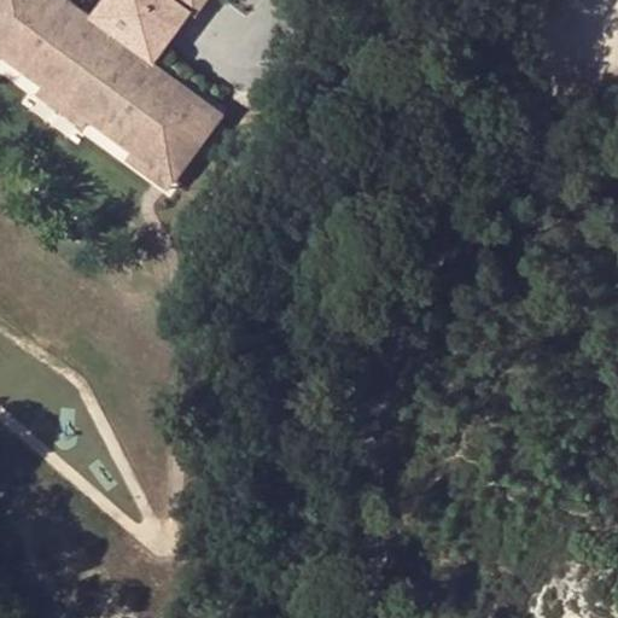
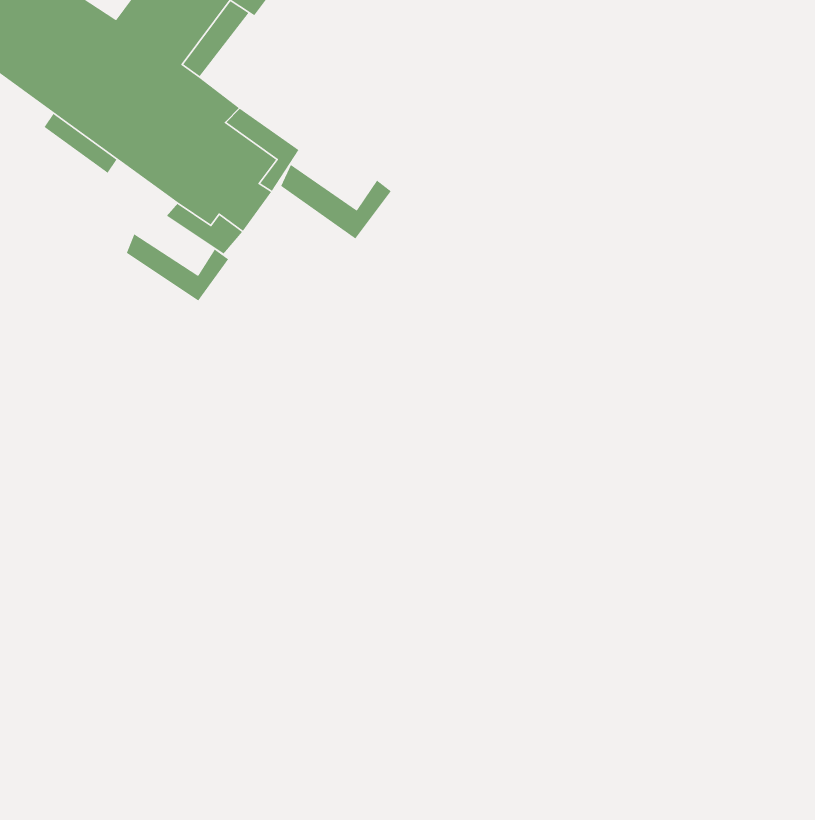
building: none -> [280,164,392,239]
building: none -> [126,233,229,302]

